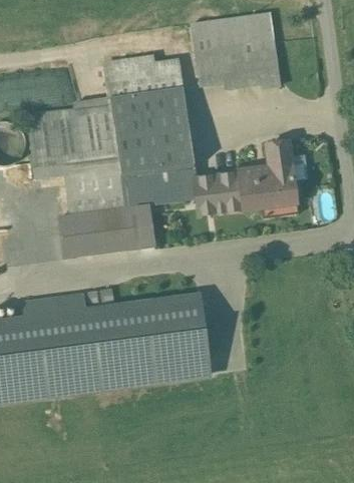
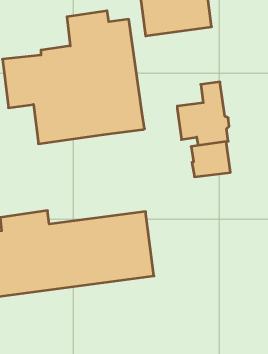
building: [196,172,243,214] -> [191,142,230,177]
building: [59,203,155,257] -> none

